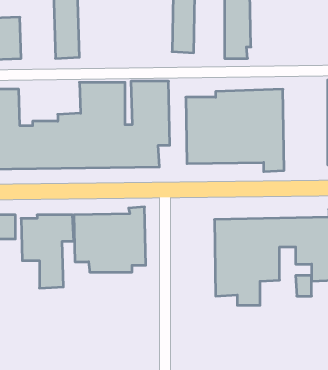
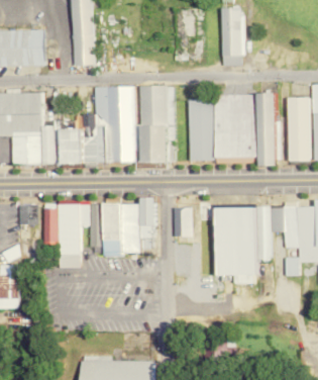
building: none -> [288,97,309,162]
building: none -> [173,208,191,236]

